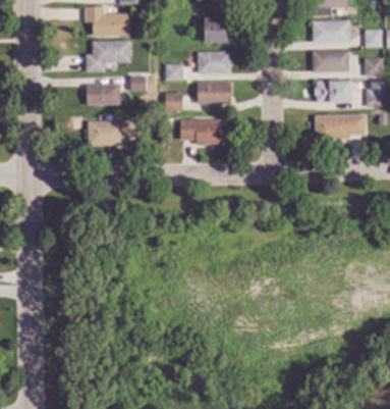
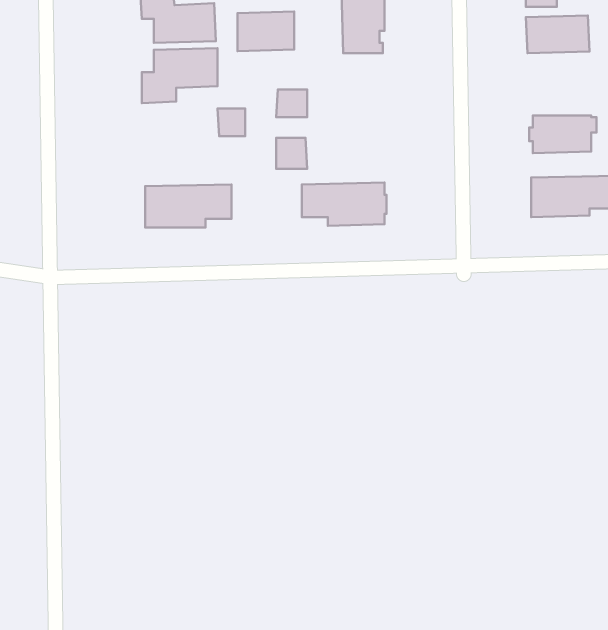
building: [197,50,230,73] -> [237,11,294,51]
building: [312,50,347,71] -> none
building: [197,81,230,103] -> none
building: [86,83,120,105] -> none

